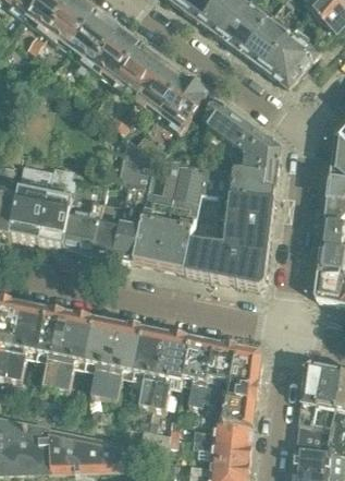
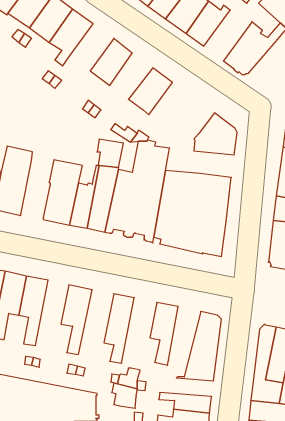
building: [243,13,294,70] -> none
building: [94,28,143,81] -> none
building: [138,61,186,112] -> none
building: [202,99,255,151] -> none
building: [200,167,276,200] -> none
building: [39,181,74,246] -> none
building: [56,314,93,390] -> none
building: [103,325,143,400] -> none
building: [151,334,190,410] -> none
building: [204,344,239,406] -> none
building: [194,423,254,444] -> none

